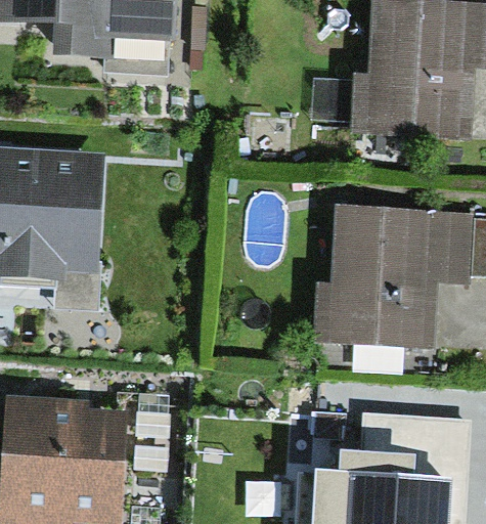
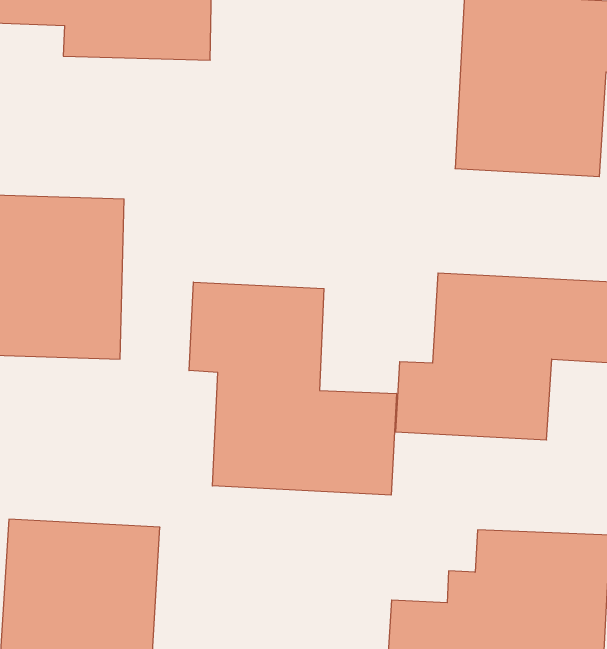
building: none -> [189,282,396,495]

